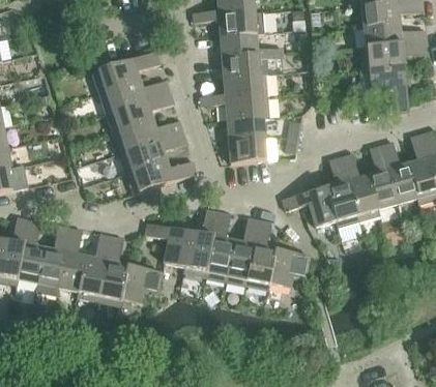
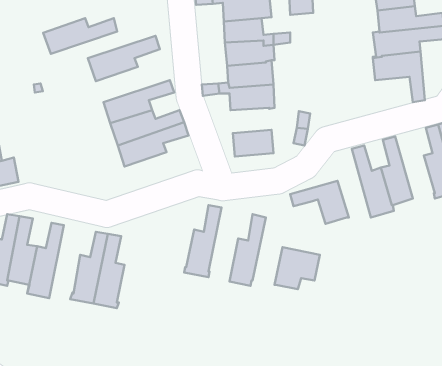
building: [99,79,169,112] -> [43,18,117,54]
building: [226,117,264,141] -> none
building: [380,141,417,202] -> none
building: [326,155,357,225] -> none
building: [126,158,196,192] -> none
building: [205,210,233,279] -> none
building: [244,219,274,288] -> none
building: [144,221,192,266] -> none
building: [56,227,85,295] -> none
building: [119,264,162,303] -> none

